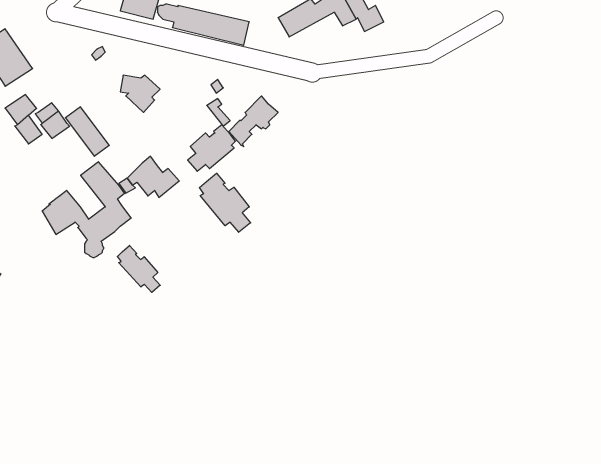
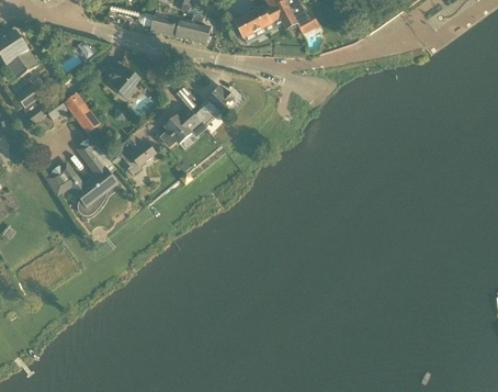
building: [199,173,251,232] -> none
building: [117,245,160,292] -> none

